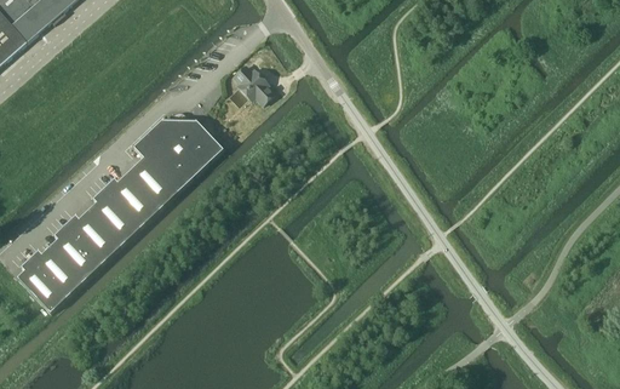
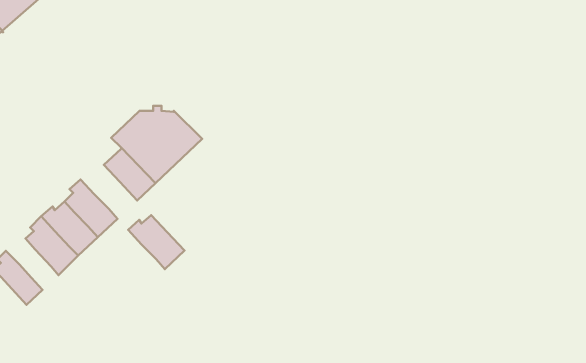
building: [234,64,275,103] -> none
building: [104,173,160,227] -> [128,215,184,269]
building: [30,246,82,297] -> none

